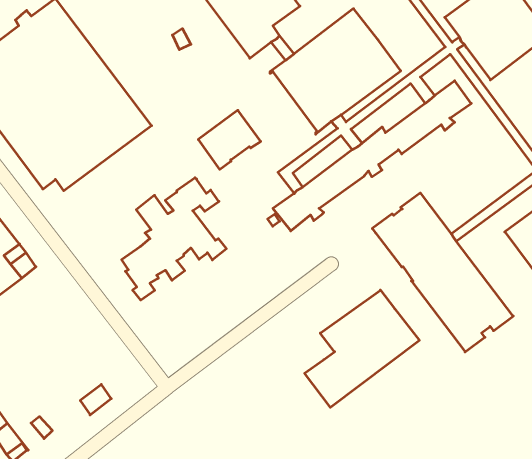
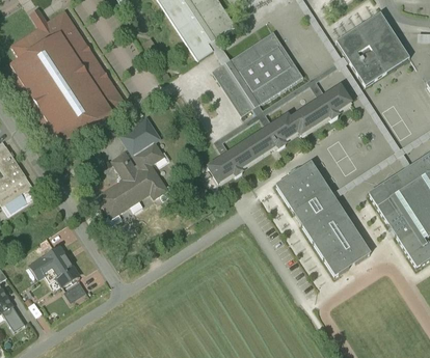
building: [198,110,261,169] -> [118,115,162,156]
building: [305,290,419,407] -> none
building: none -> [29,246,78,285]

